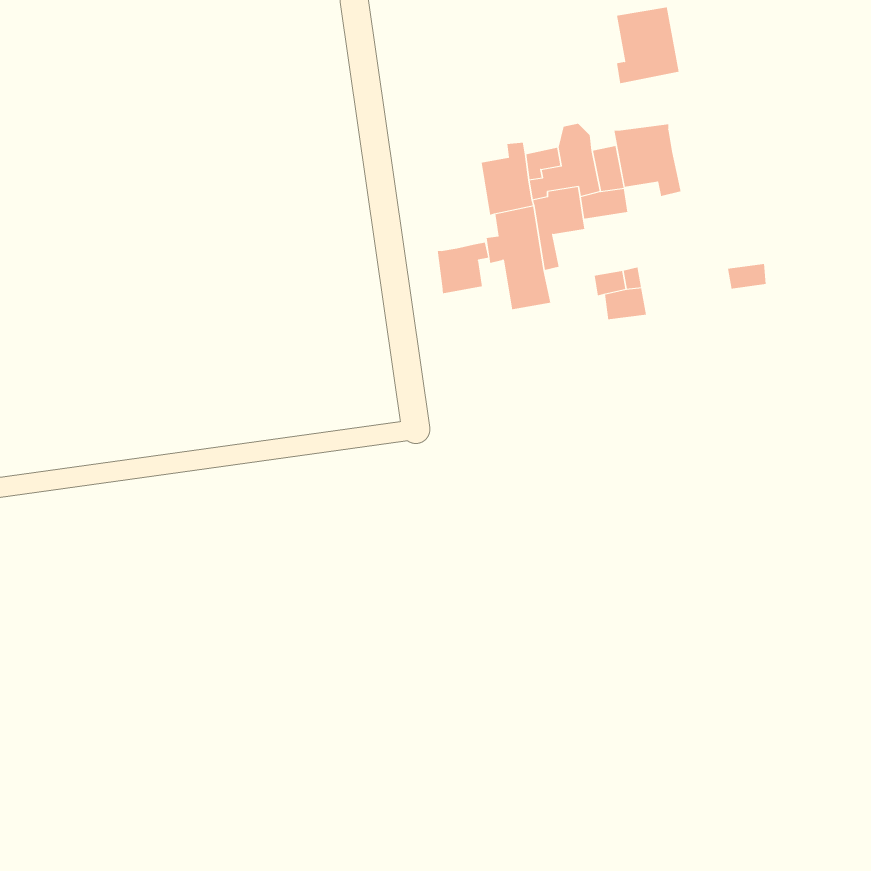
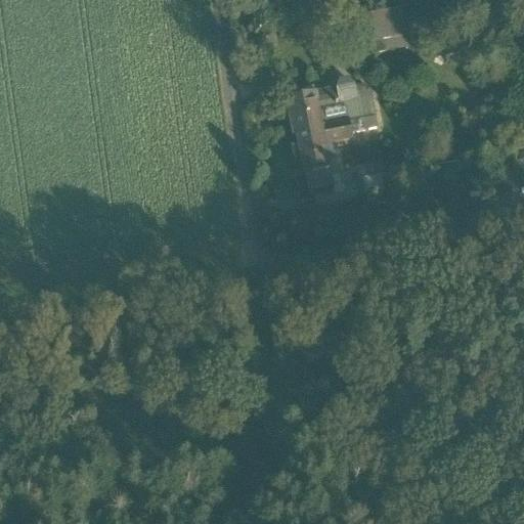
building: [614,123,681,197] -> none
building: [437,242,489,294] -> none

